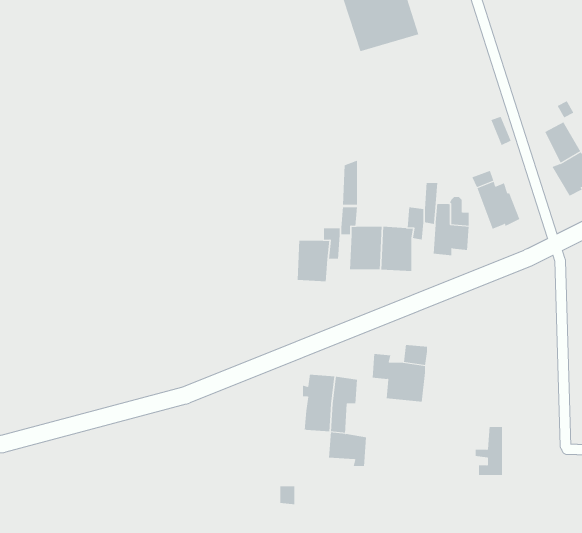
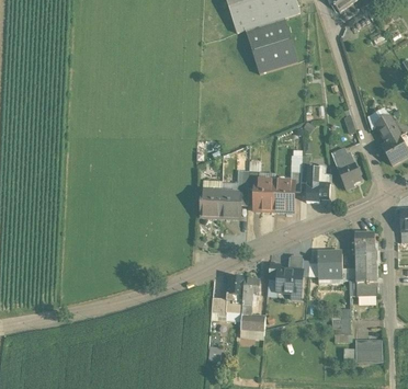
building: none -> [201,191,222,217]
building: none -> [349,232,377,296]
building: none -> [317,251,342,283]
building: none -> [355,342,382,362]

